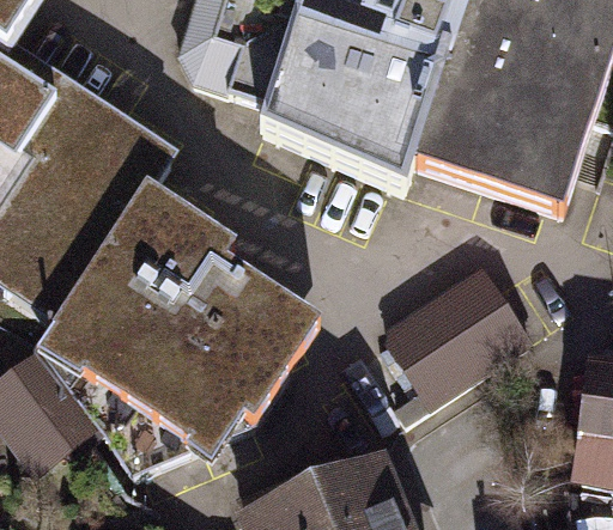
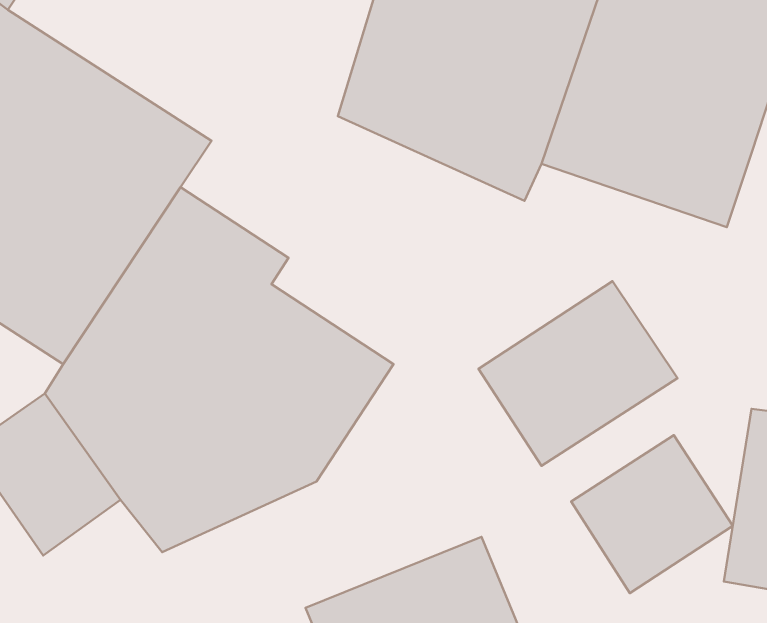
building: none -> [571,435,733,593]

